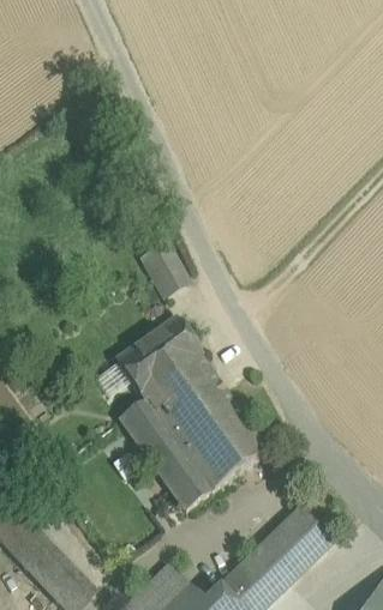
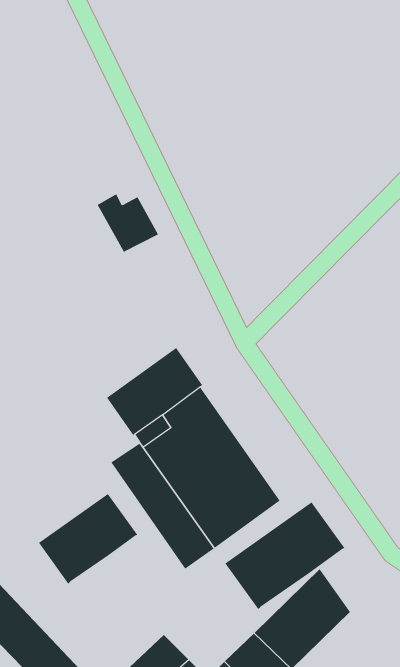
building: [139,248,192,298] -> [97,194,159,253]
building: none -> [38,493,138,584]
building: none -> [224,502,345,610]

